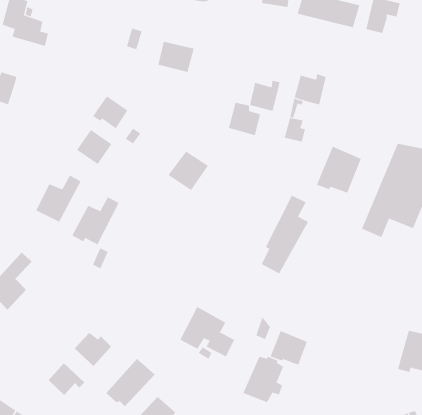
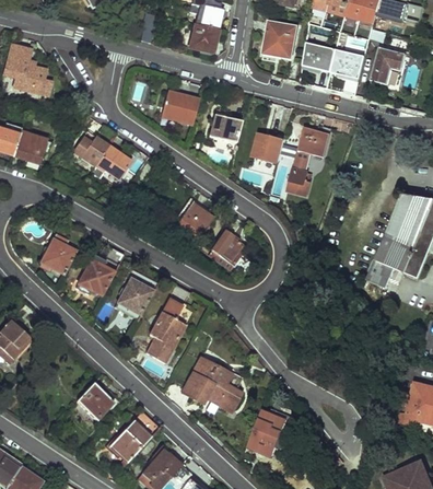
building: none -> [12,131,46,163]
building: [228,102,261,136] -> [209,107,242,141]
building: [76,129,112,165] -> [74,130,110,166]
building: [316,146,361,194] -> none
building: none -> [208,229,246,269]
building: [261,195,309,274] -> [144,283,192,363]
building: none -> [116,268,161,315]
building: [270,330,307,365] -> none
building: [48,363,85,396] -> none

